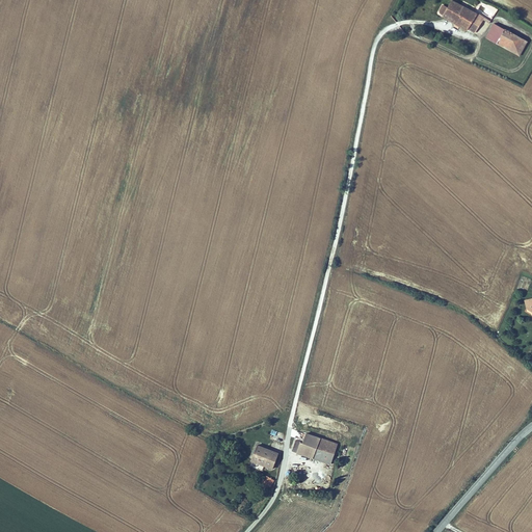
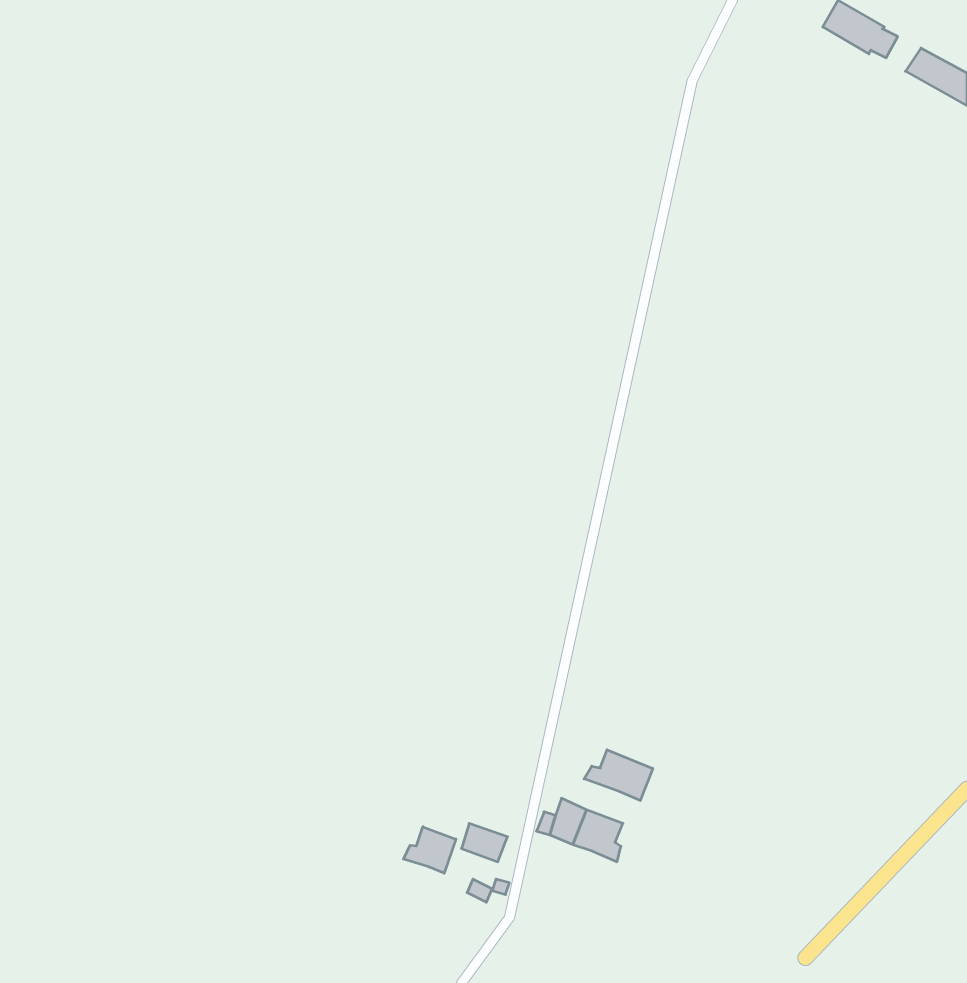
building: none -> [584,750,653,801]
building: none -> [403,827,456,873]

